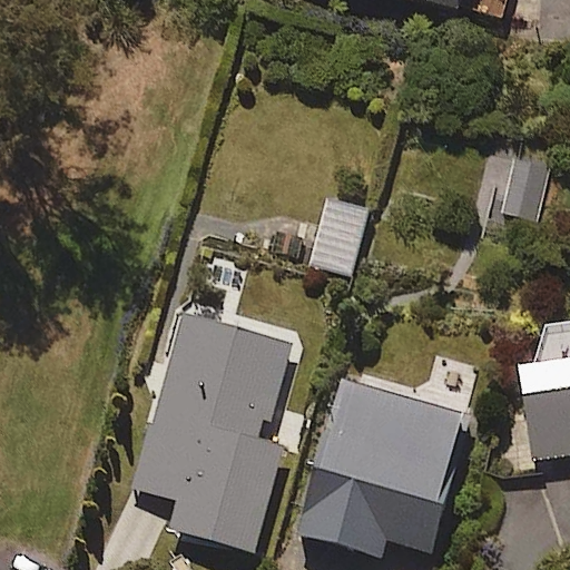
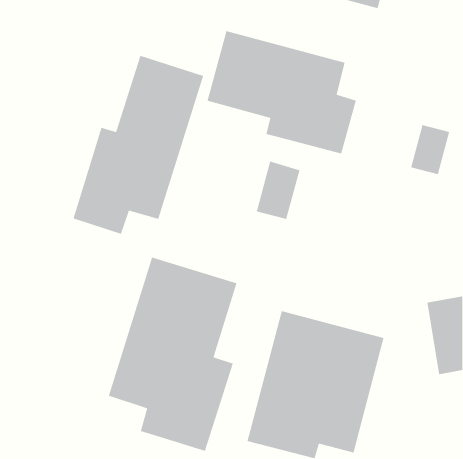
building: none -> [206,30,357,154]
building: none -> [72,55,204,235]

